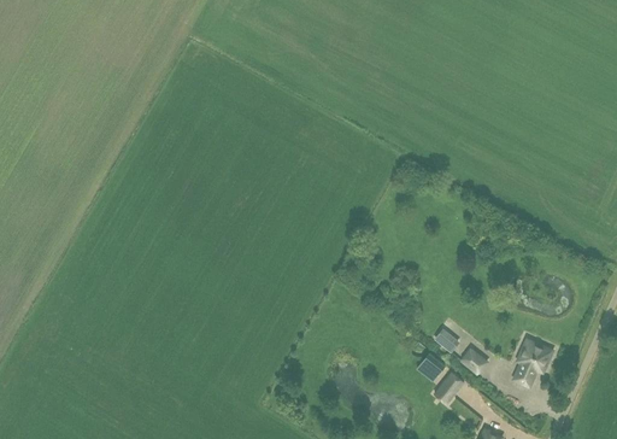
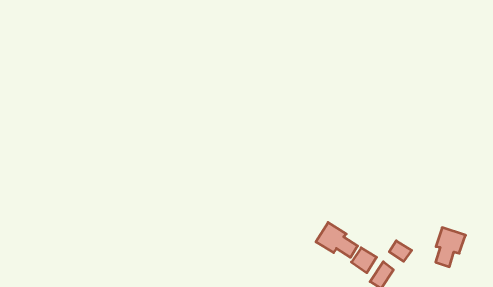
building: none -> [316,222,358,257]

